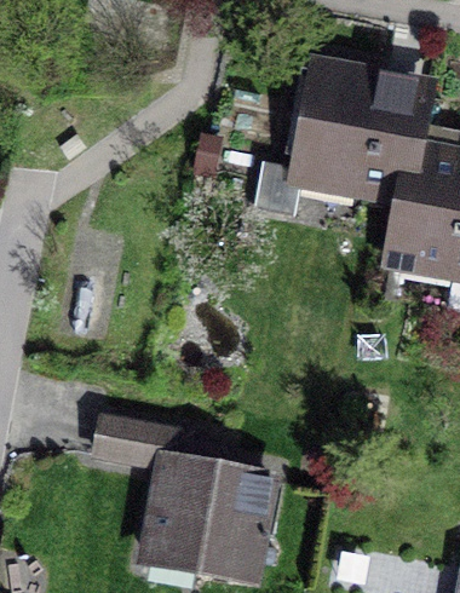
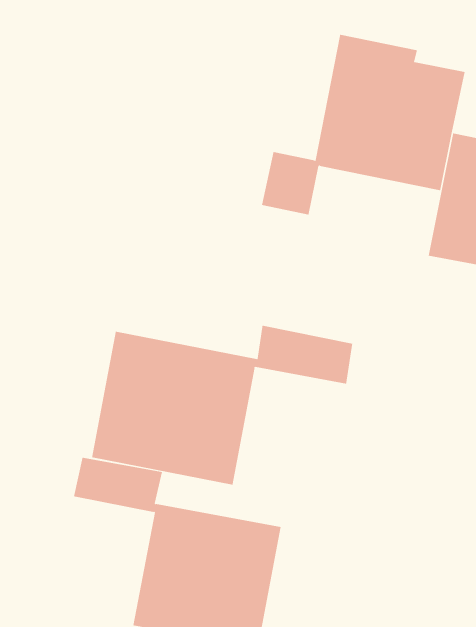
building: none -> [91,325,353,486]

